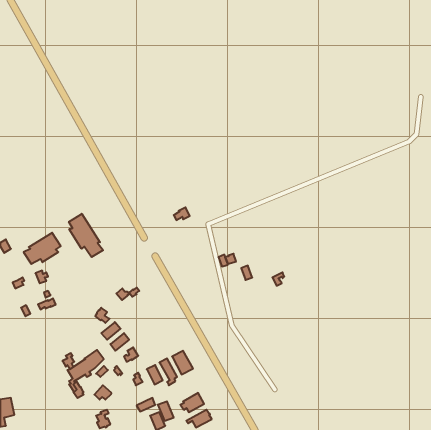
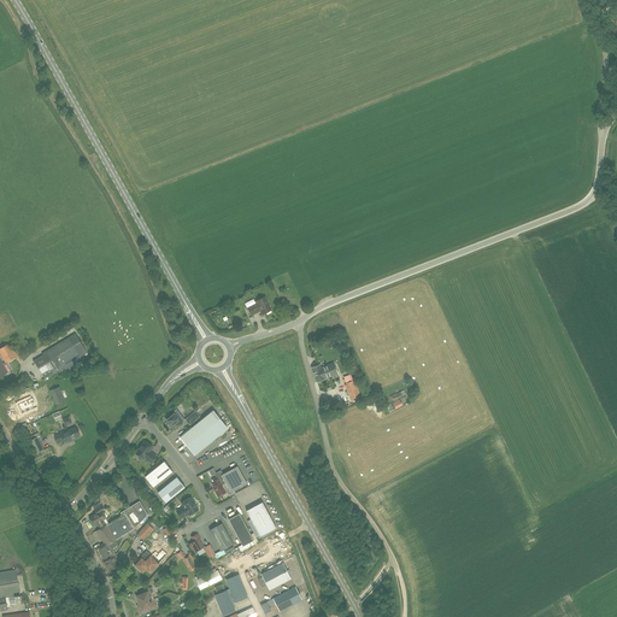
building: [69,214,103,257] -> none
building: none -> [180,410,227,452]
building: none -> [212,465,247,495]

